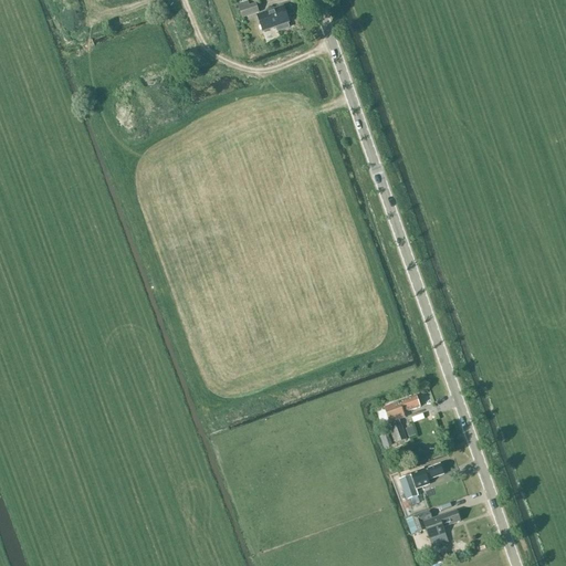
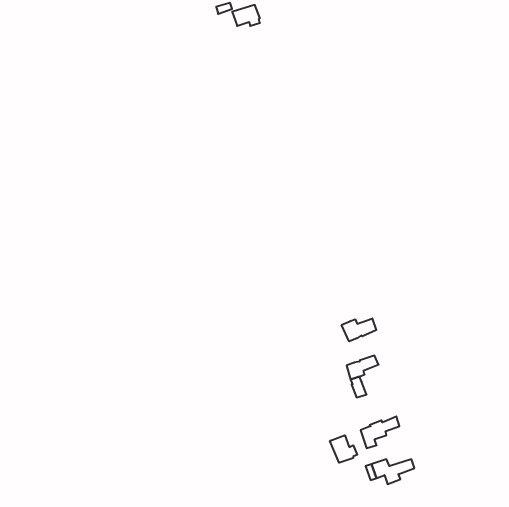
building: none -> [342,318,376,341]
building: none -> [330,435,357,463]

